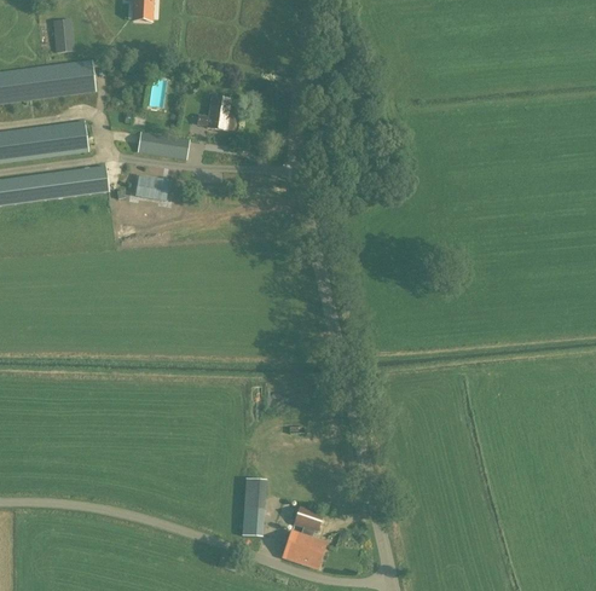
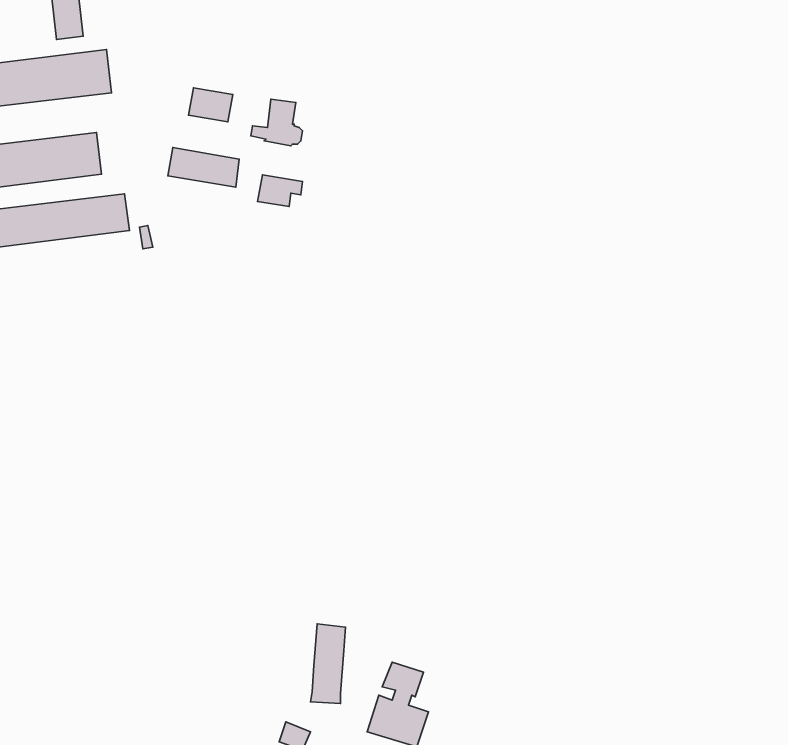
building: none -> [188,88,233,122]
building: [135,176,168,199] -> [258,175,302,206]

